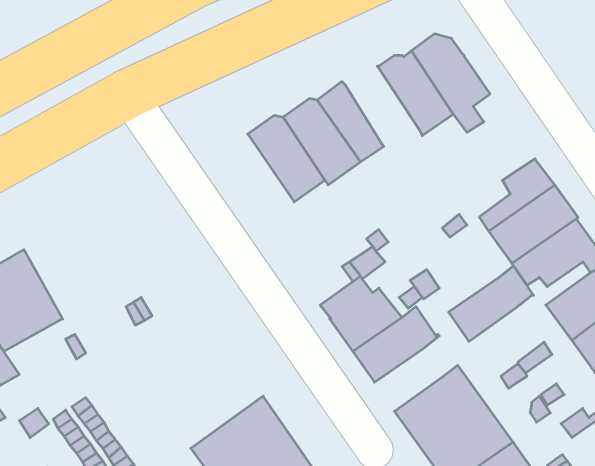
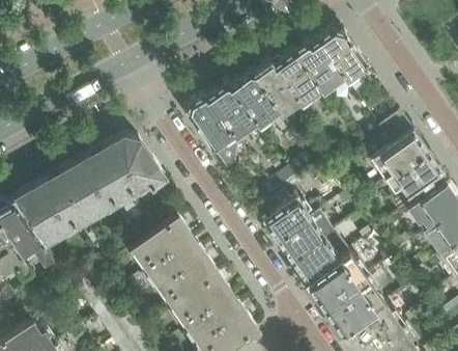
building: none -> [275,53,324,110]
building: none -> [189,97,241,174]
building: none -> [59,139,168,223]
building: [449,266,534,341] -> [294,235,351,286]
building: none -> [132,220,220,310]

